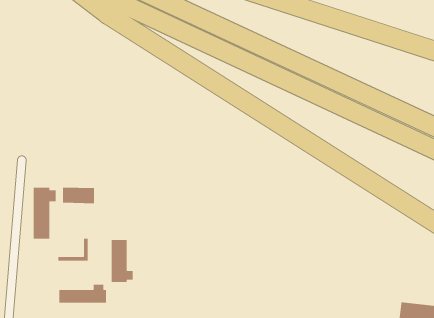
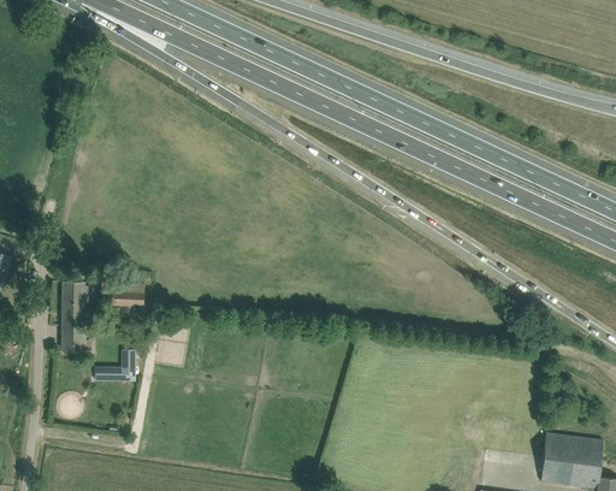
building: [111,239,134,283] -> none
building: [59,284,107,303] -> none

